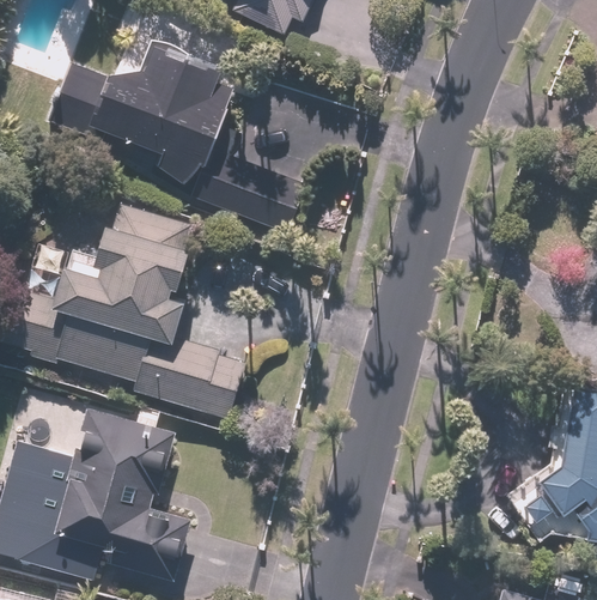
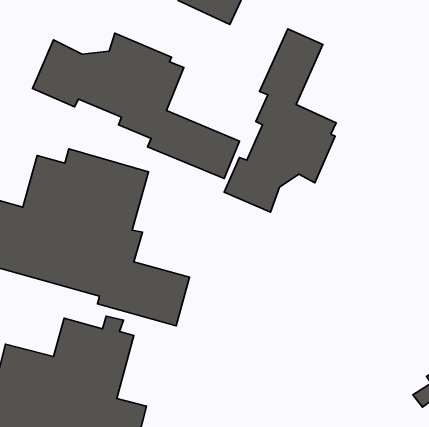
building: none -> [224,29,336,212]

